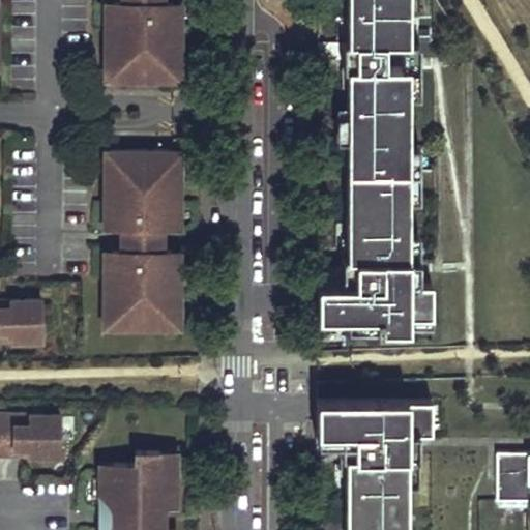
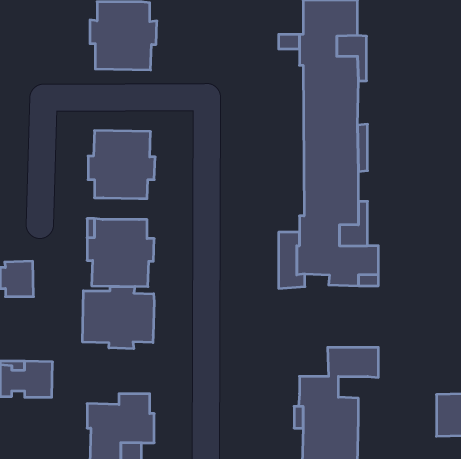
building: [120,231,161,256] -> none
building: none -> [83,286,154,349]
building: [320,402,378,454] -> none
building: [389,435,422,483] -> none

